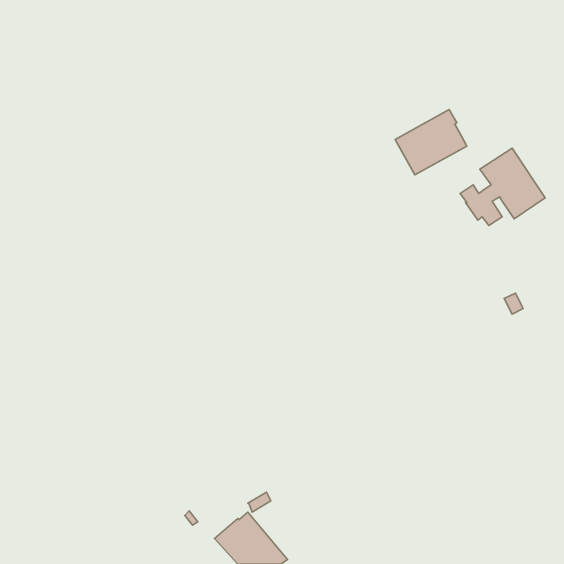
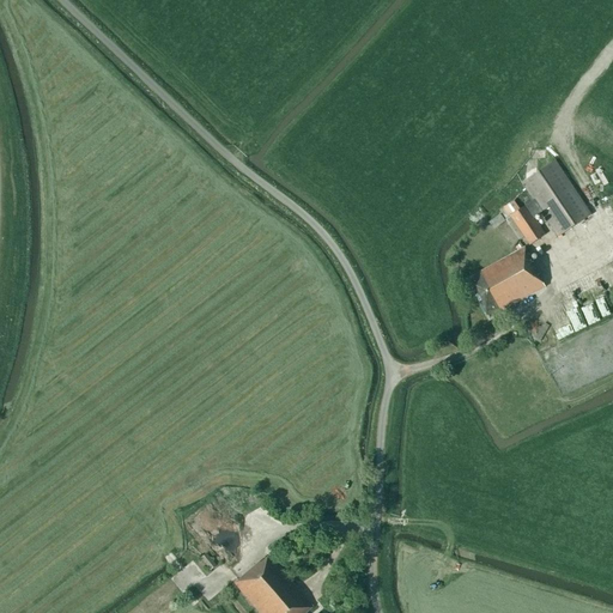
building: [395,110,467,175] -> [466,247,544,317]

